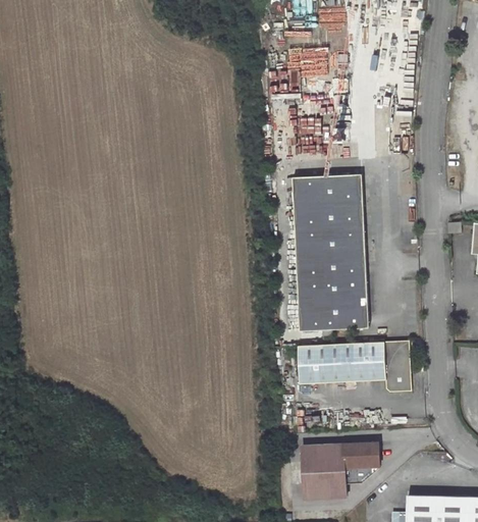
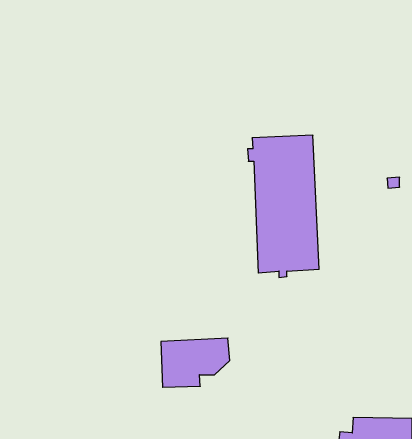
building: [297,341,410,392] -> none
building: [303,442,381,499] -> [161,338,230,387]

